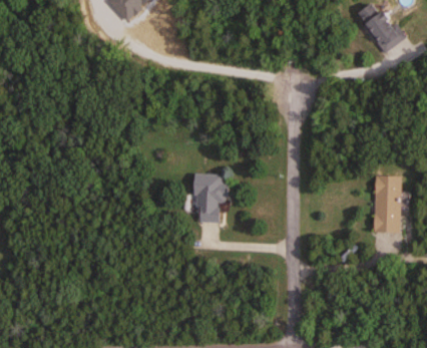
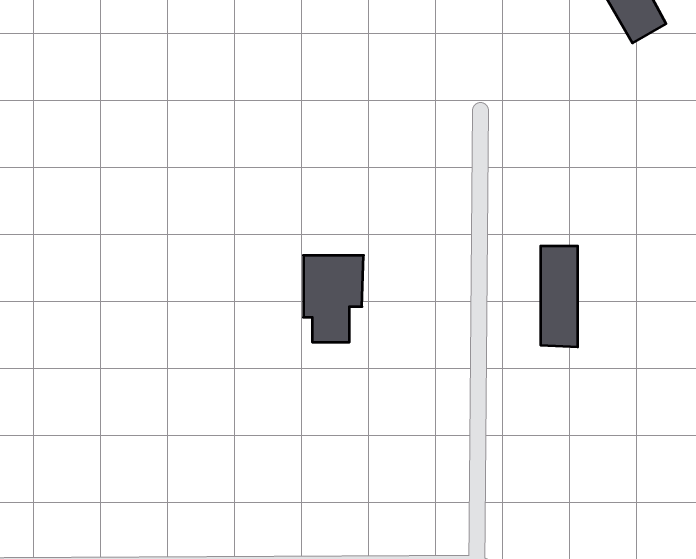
building: [376,177,397,234] -> [541,246,578,347]

